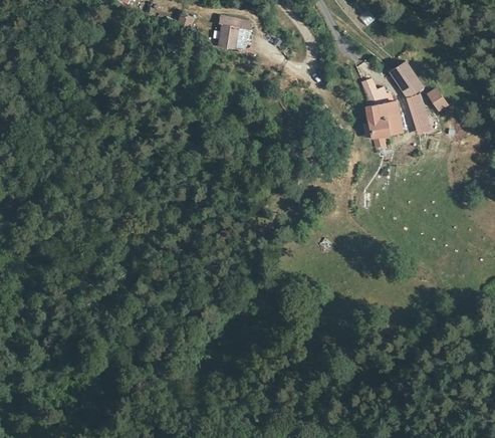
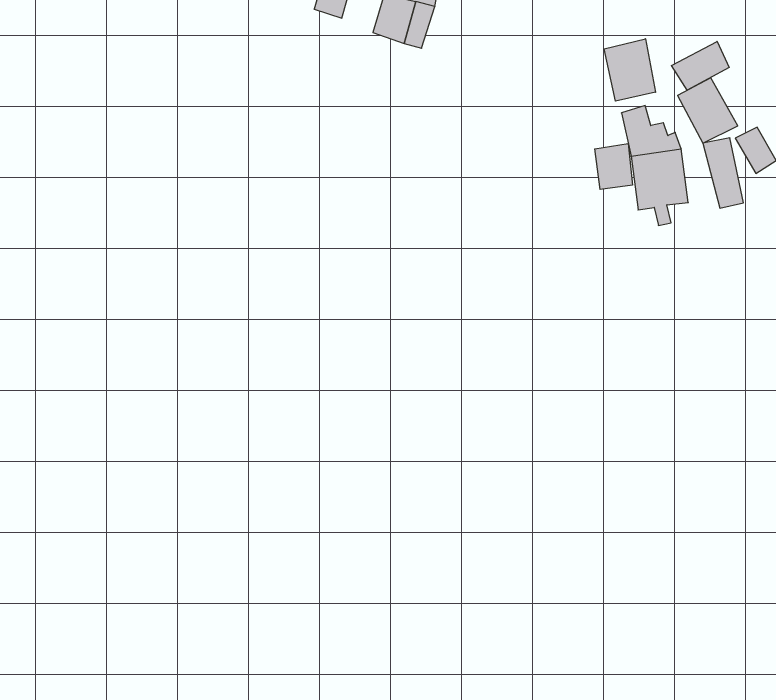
building: none -> [671,41,729,90]
building: none -> [604,39,656,101]
building: none -> [595,144,632,189]

